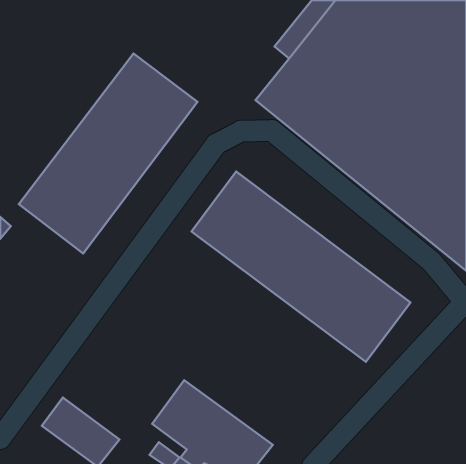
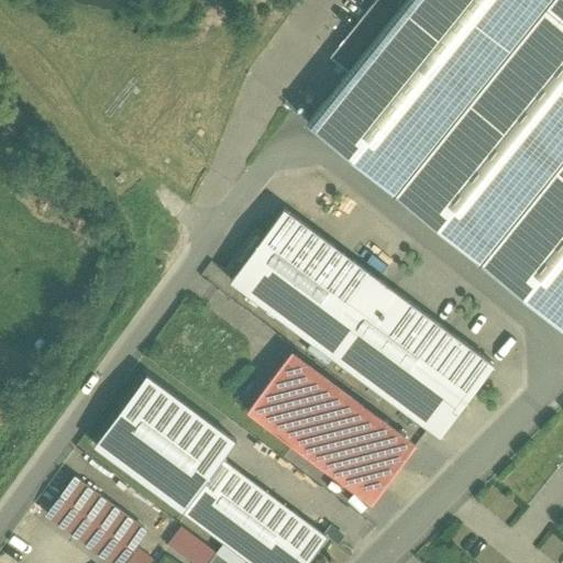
building: [19,53,198,253] -> none
building: none -> [247,360,412,505]
building: none -> [95,377,235,514]

